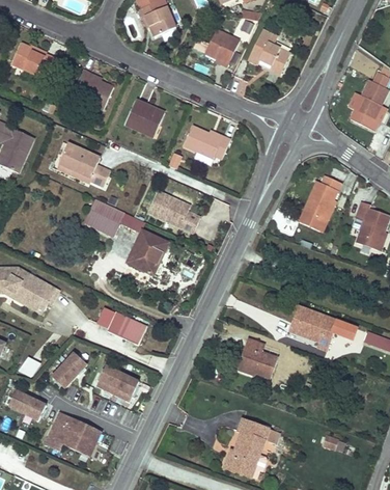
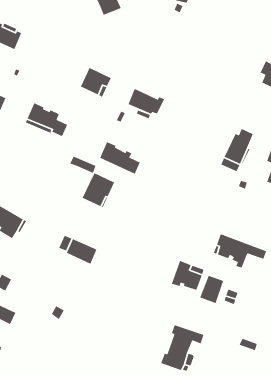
building: [204,29,240,66] -> none
building: [248,29,290,74] -> none
building: [71,70,113,109] -> none
building: [84,198,120,236] -> none
building: [52,352,86,387] -> none
building: none -> [199,275,224,304]
building: [96,364,138,400] -> none
building: [45,411,101,456] -> none

